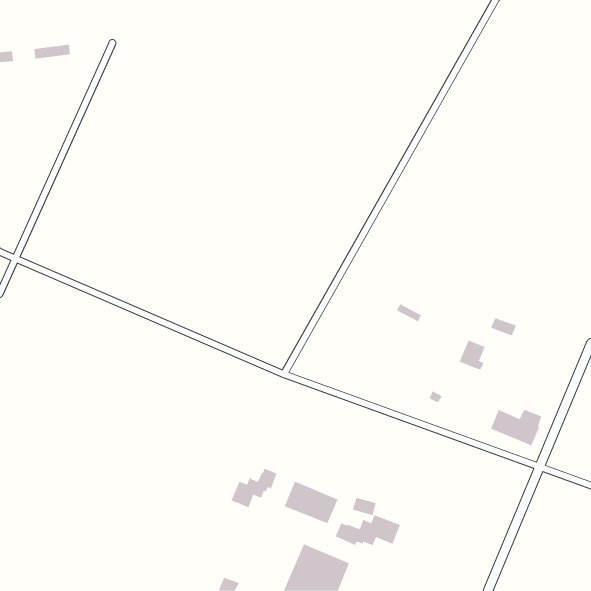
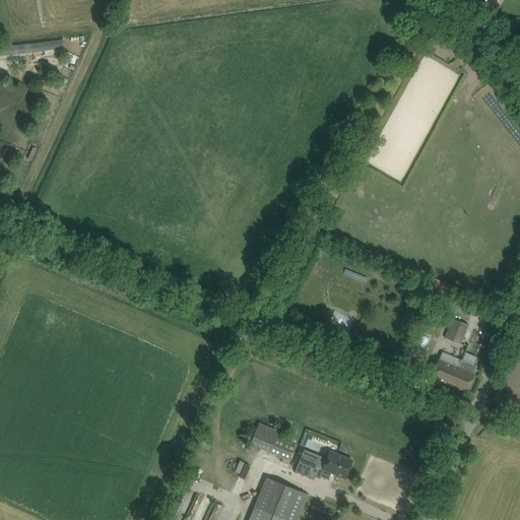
building: [459,340,485,370] -> [444,318,467,344]
building: [231,468,277,508] -> none

